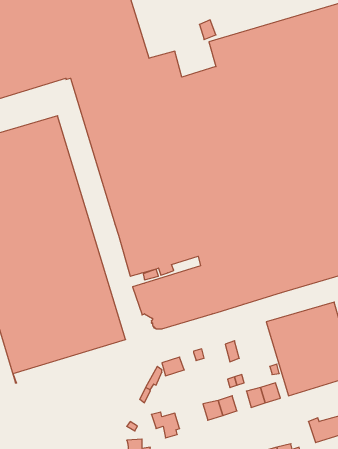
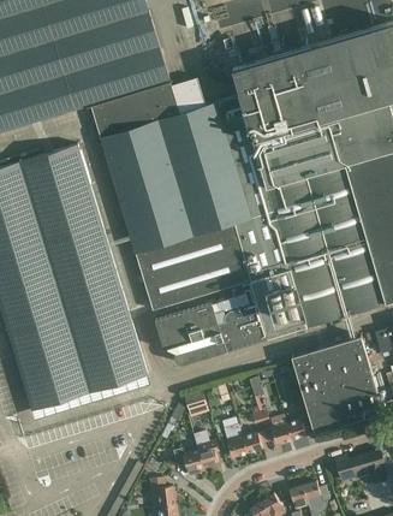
building: none -> [193,431,220,465]

